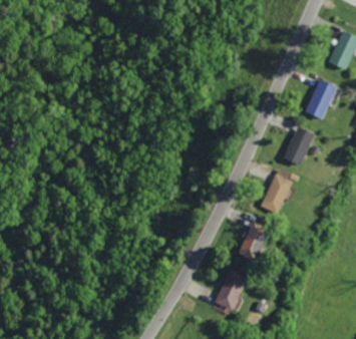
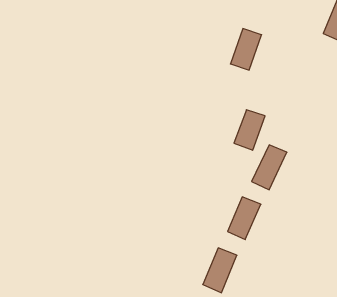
building: [306,79,336,119] -> [230,29,262,70]
building: [284,127,314,166] -> [234,110,265,150]

